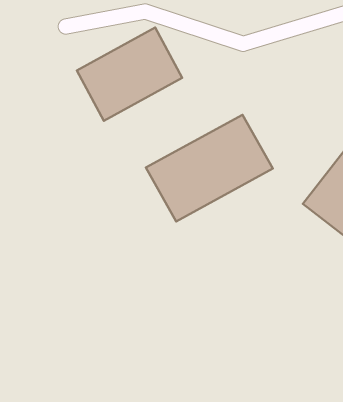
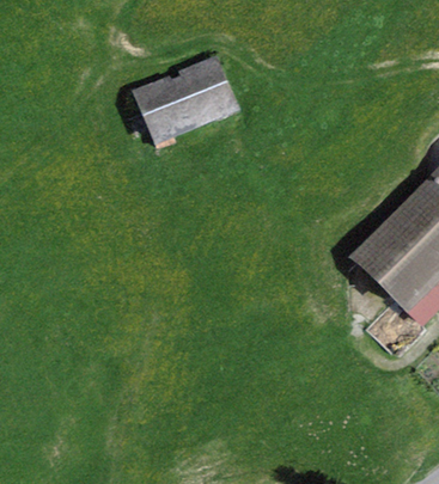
building: [146,115,273,221] -> none

